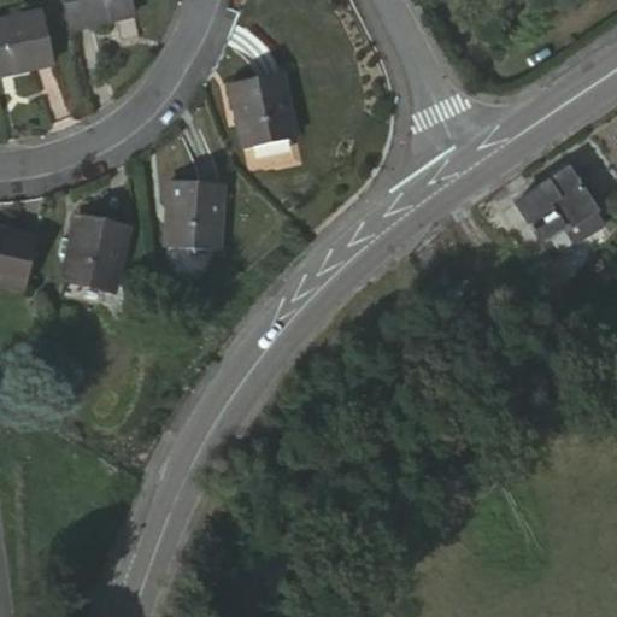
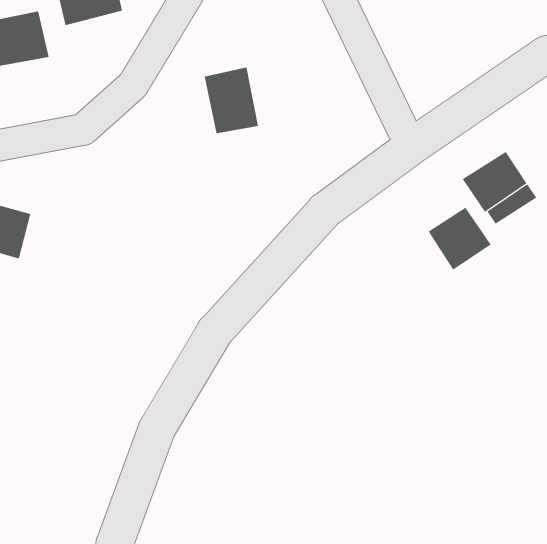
building: [165,184,224,253] -> none
building: [63,211,130,288] -> none
building: none -> [428,207,492,270]

